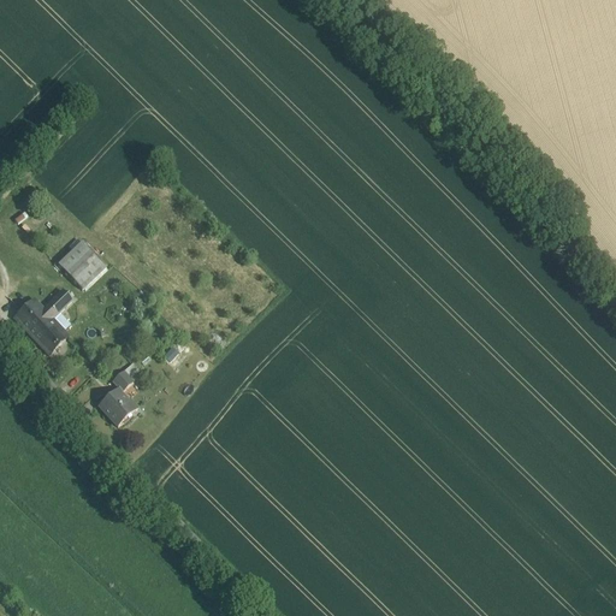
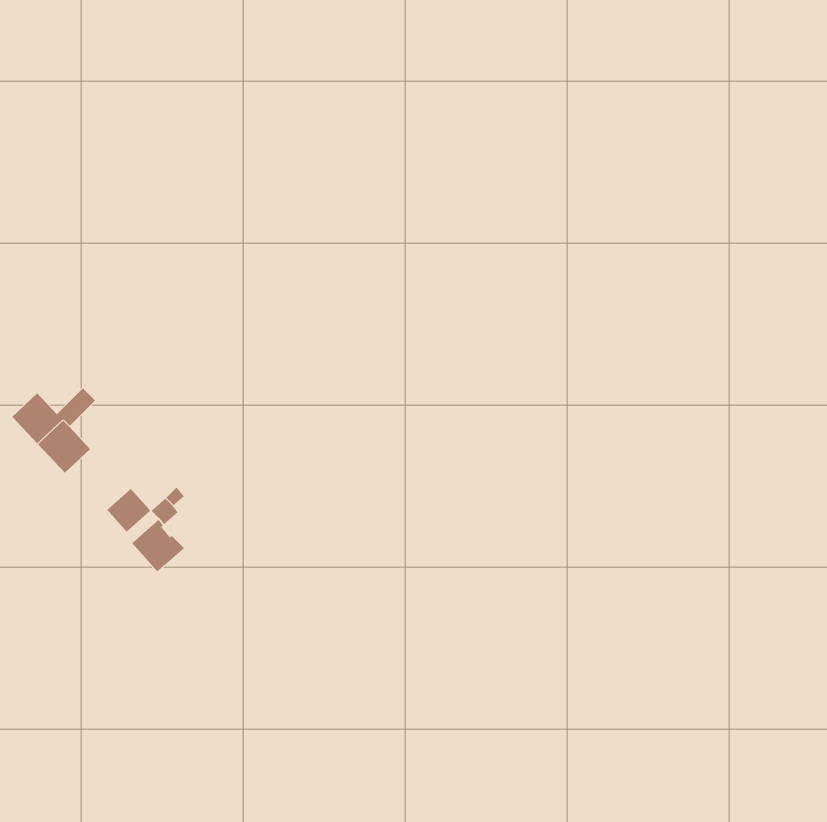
building: [58,239,106,288] -> none
building: none -> [106,488,151,532]

